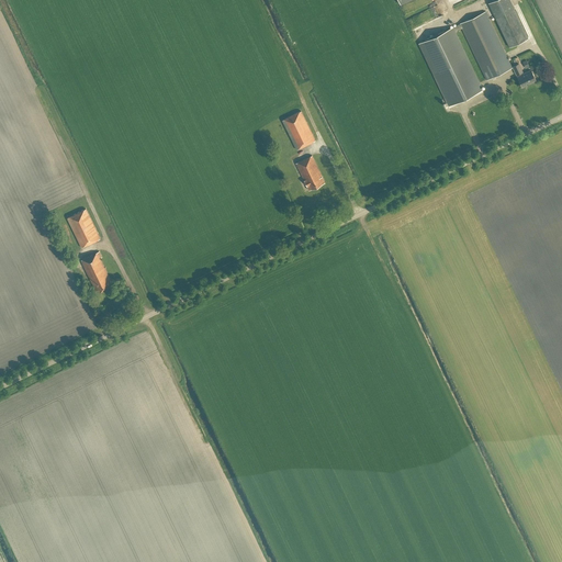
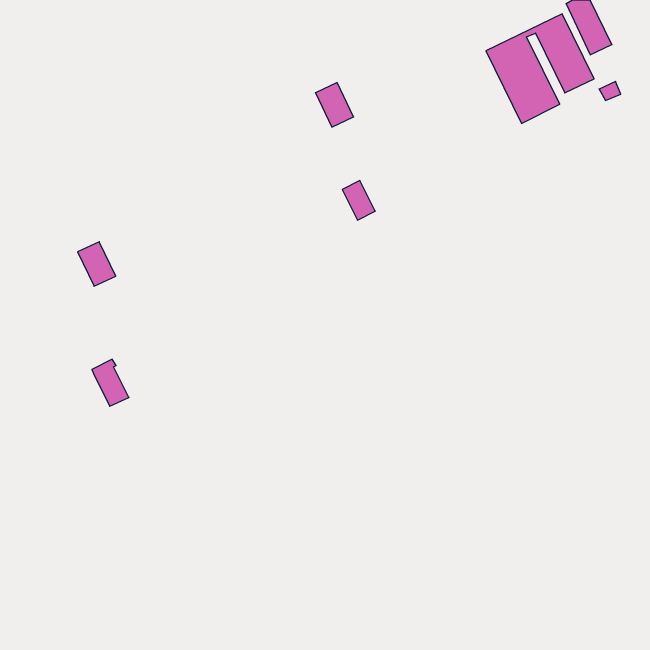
building: [282,111,315,149] -> [315,83,354,127]
building: [81,251,113,292] -> [92,359,129,406]

